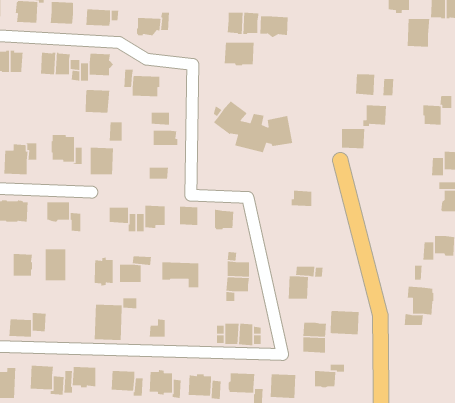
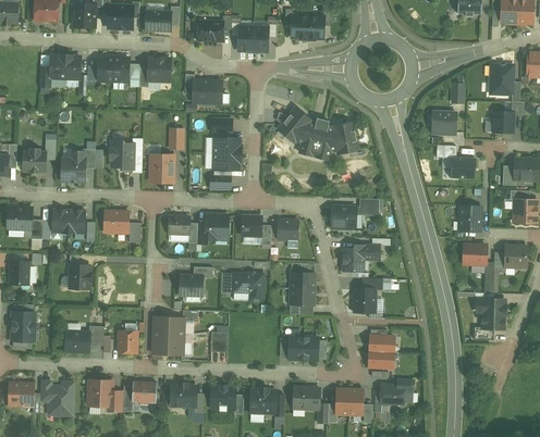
building: [259,16,289,38] -> none
building: [407,18,430,48] -> [490,64,514,95]
building: [224,42,255,66] -> [237,27,269,52]
building: [355,74,375,96] -> none
building: [85,89,110,114] -> none
building: [341,128,365,149] -> [452,159,477,180]
building: none -> [213,153,241,170]
building: none -> [331,204,357,228]
building: none -> [458,205,480,232]
building: none -> [464,244,486,264]
building: none -> [343,245,380,271]
building: [45,248,66,281] -> none
building: [94,257,113,286] -> none
building: [330,310,359,335] -> none
building: none -> [118,330,137,353]

